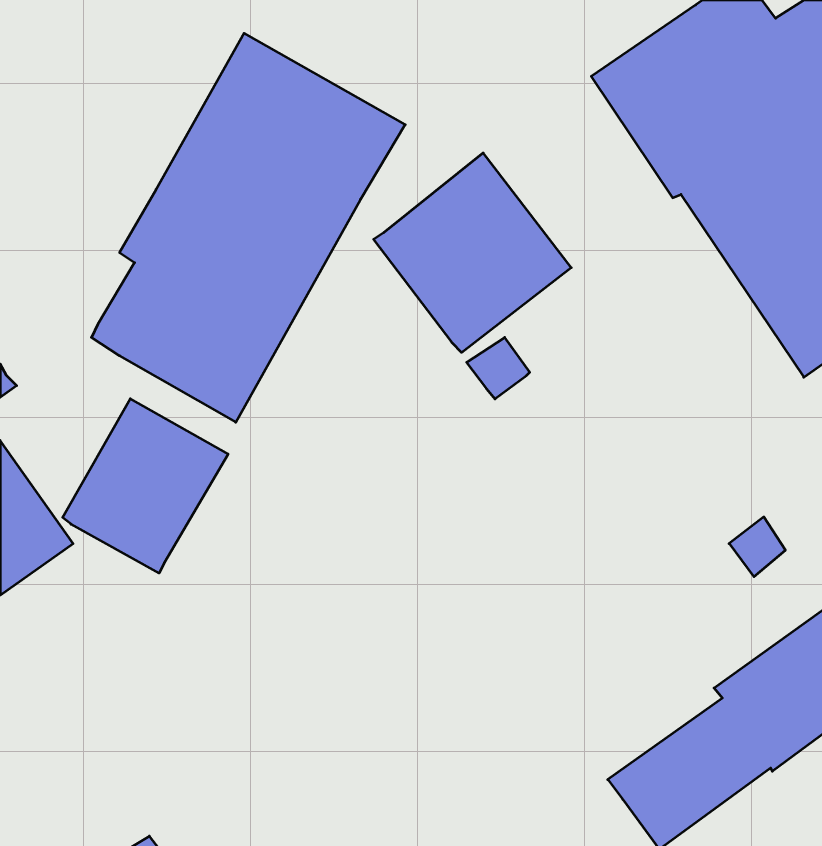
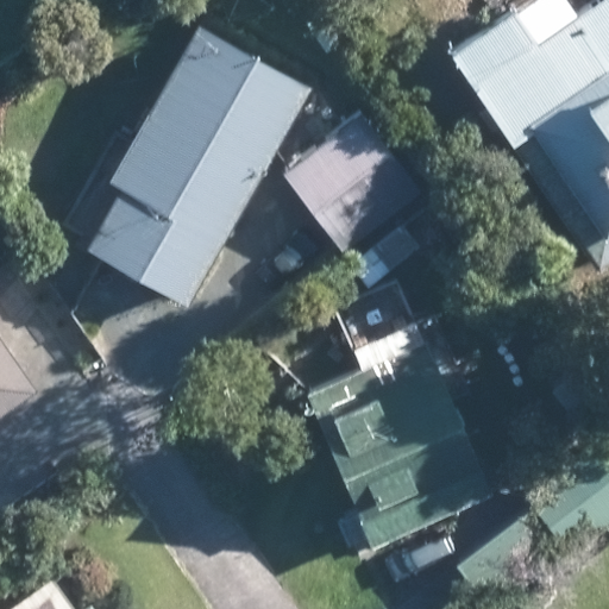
building: [63,399,228,573] -> none
building: none -> [307,340,490,547]

